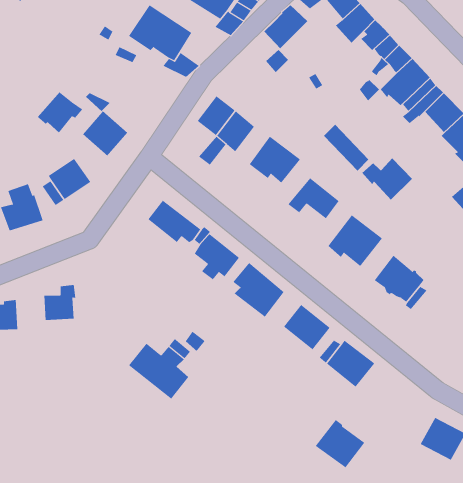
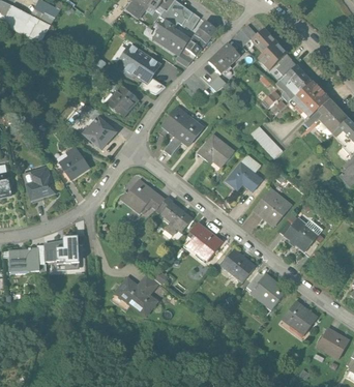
building: [37,92,83,133] -> [105,85,137,114]
building: [362,157,413,200] -> none
building: [315,419,365,468] -> [282,301,317,335]

